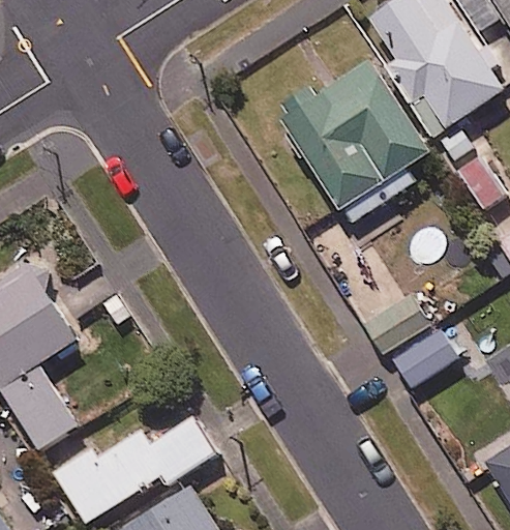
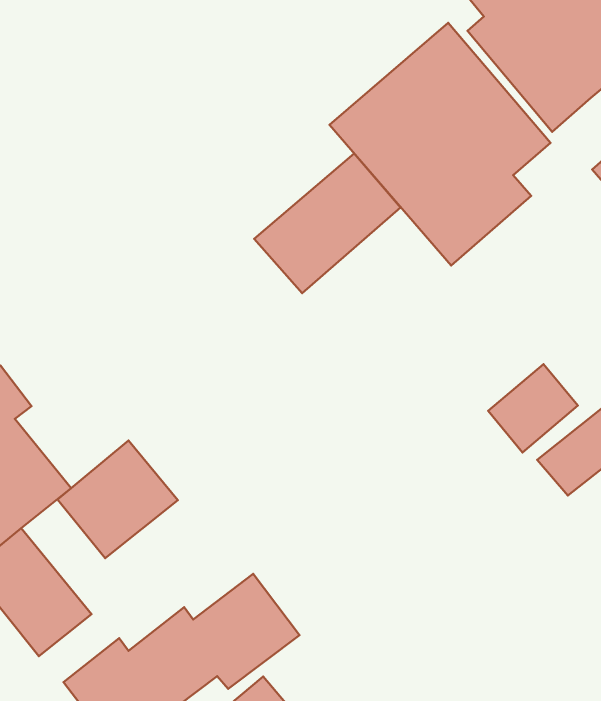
building: none -> [254,154,401,293]
building: none -> [58,441,178,558]

